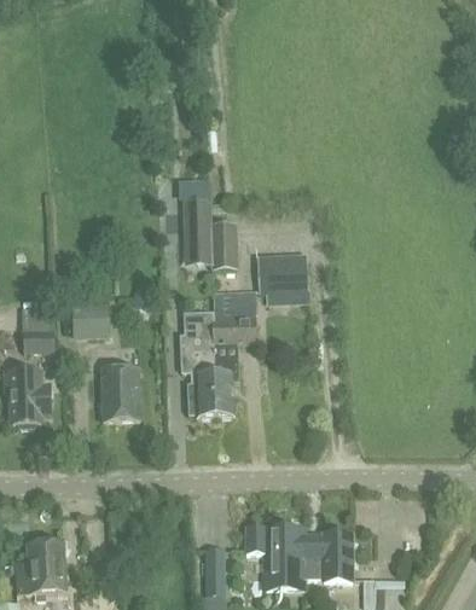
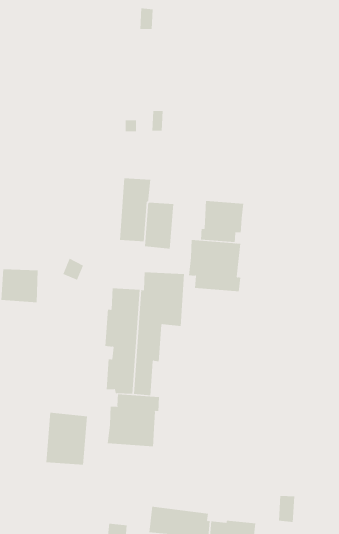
building: none -> [201,200,244,243]
building: [100,368,140,419] -> [45,412,88,465]
building: none -> [107,394,159,447]

